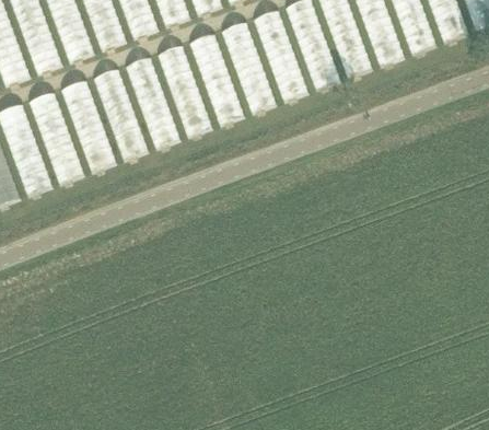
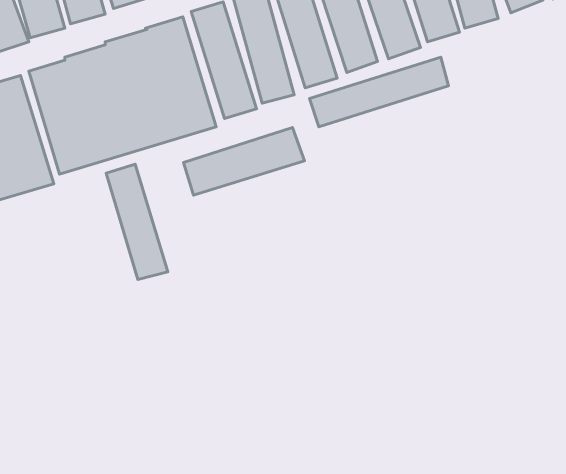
building: none -> [310,57,449,127]
building: none -> [183,128,304,195]
building: none -> [106,164,168,279]

